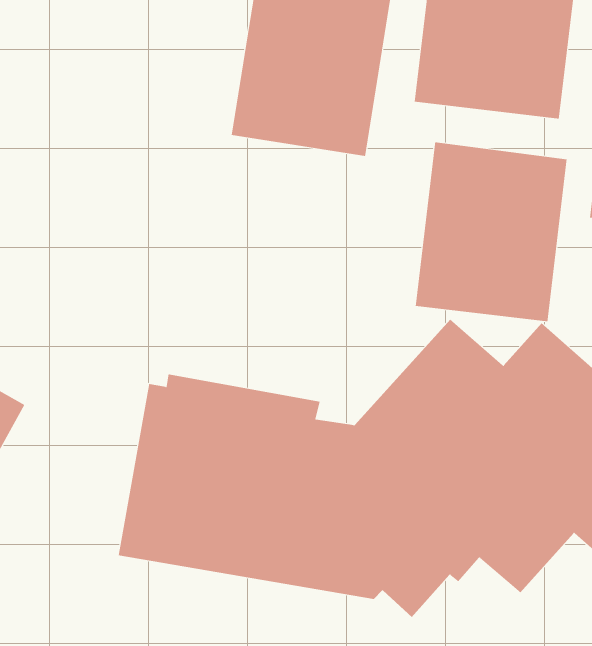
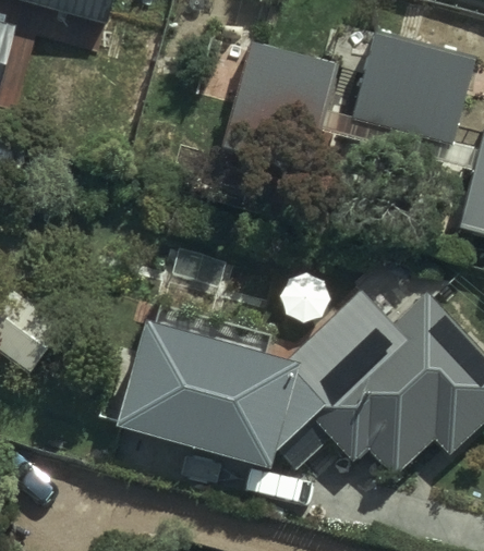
building: [415,141,567,322] -> none

